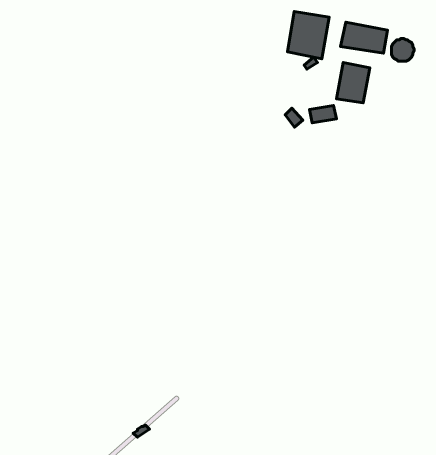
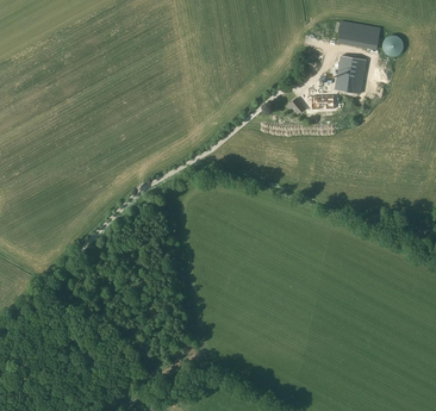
building: [287,12,329,59] -> none

